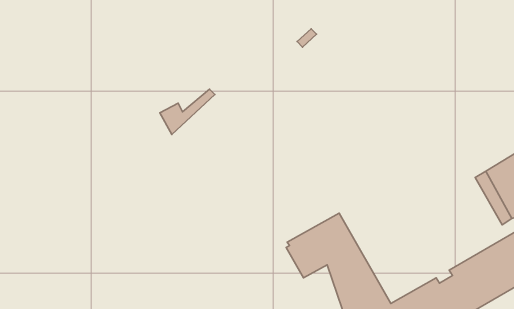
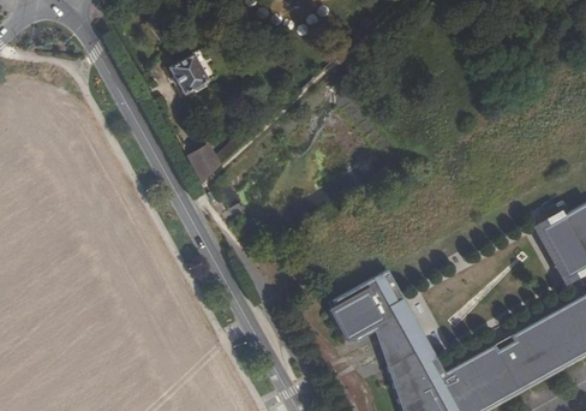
building: none -> [169,56,209,97]

